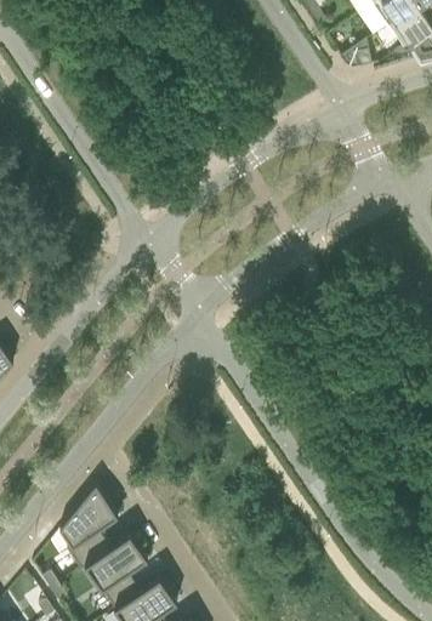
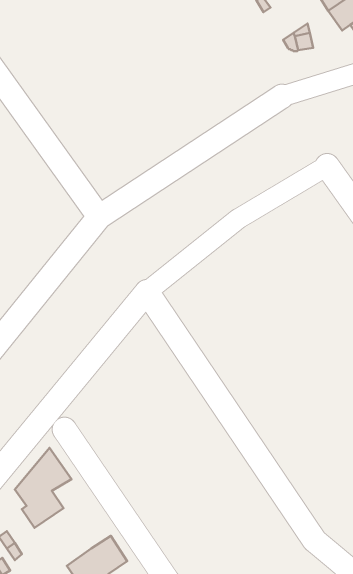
building: [78,534,146,608] -> none

